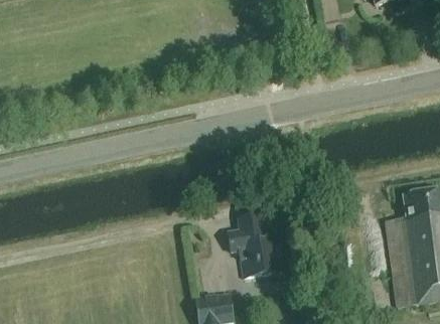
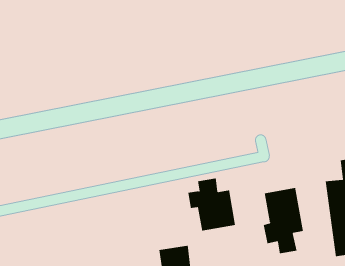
building: none -> [263,187,304,254]

